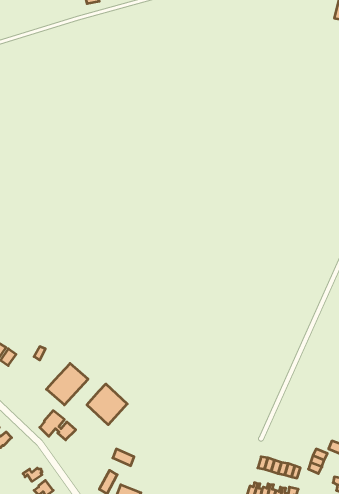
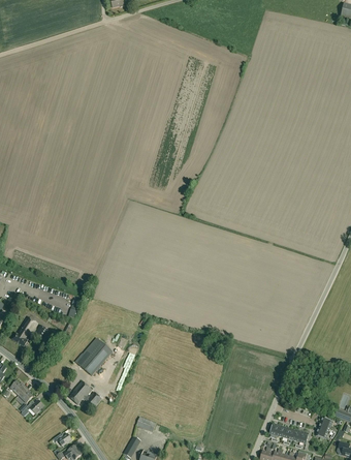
building: [87,384,127,425] -> none

